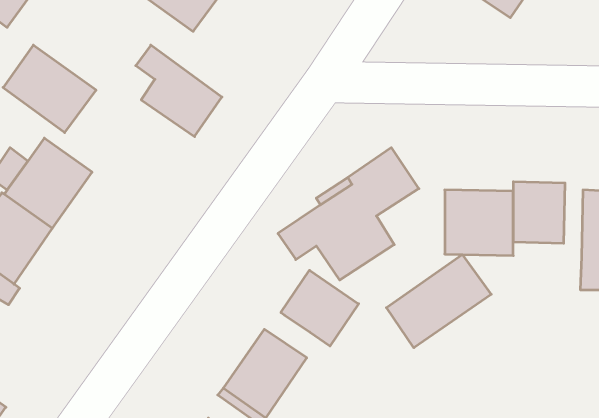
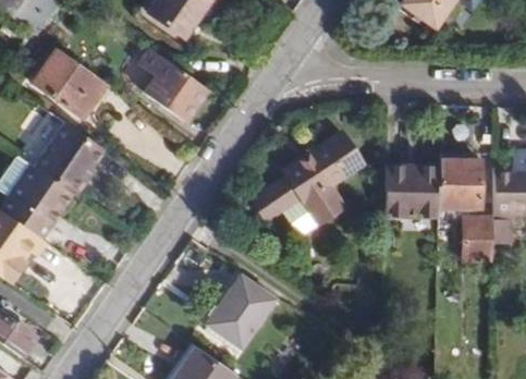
building: [386,255,491,348] -> none
building: none -> [465,217,494,260]
building: [281,270,359,346] -> none

